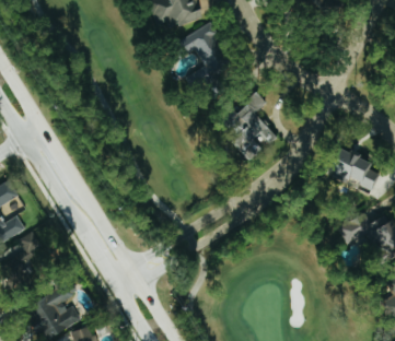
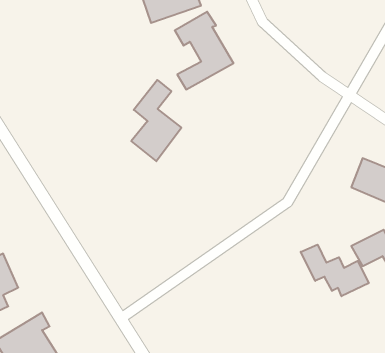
building: [231,91,275,162] -> [131,80,181,161]
building: none -> [301,245,369,296]

